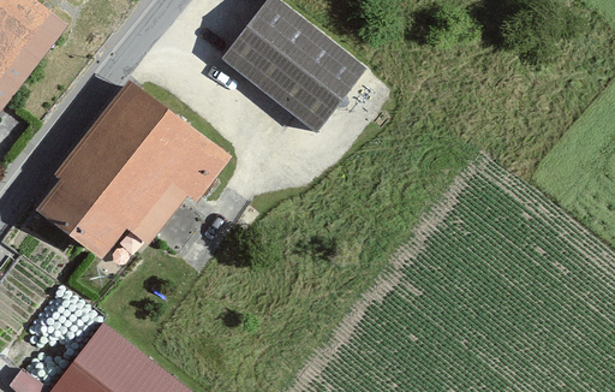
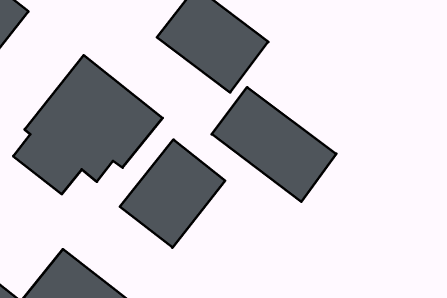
building: none -> [212,87,336,202]
building: none -> [120,140,225,248]

